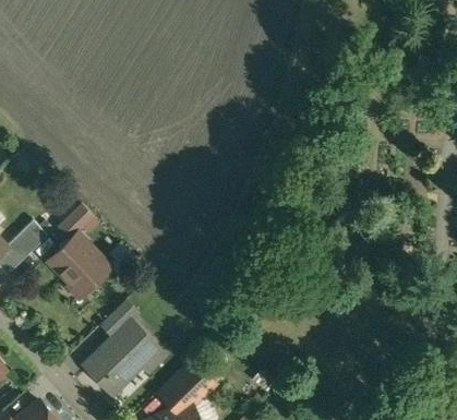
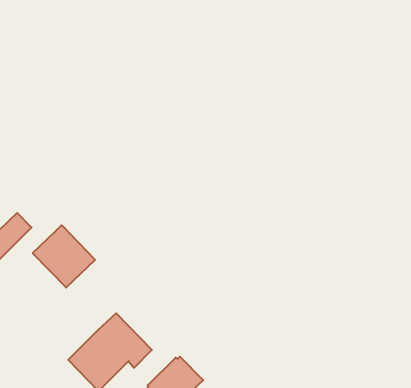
building: [57,204,94,240] -> none
building: [99,300,137,337] -> none

